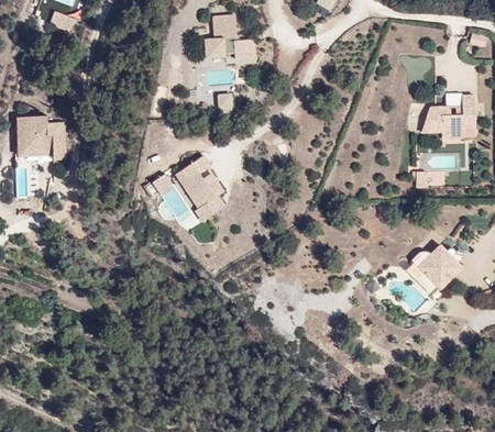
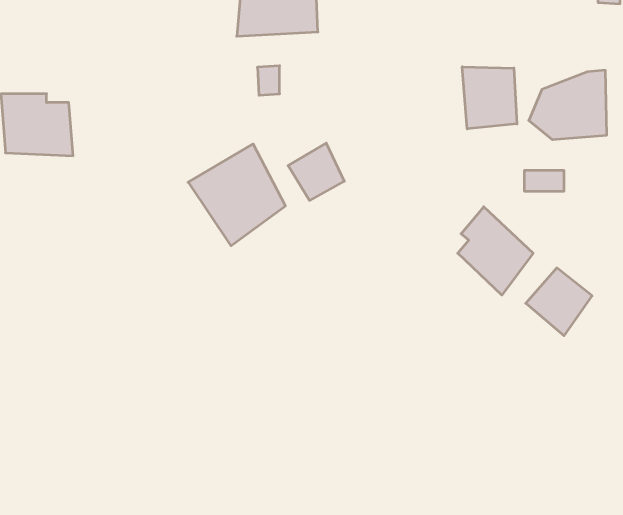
building: none -> [462,67,517,129]
building: none -> [288,143,344,200]
building: none -> [458,207,533,295]

